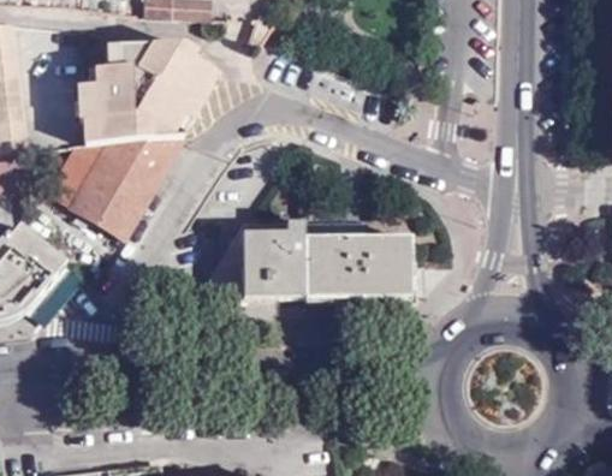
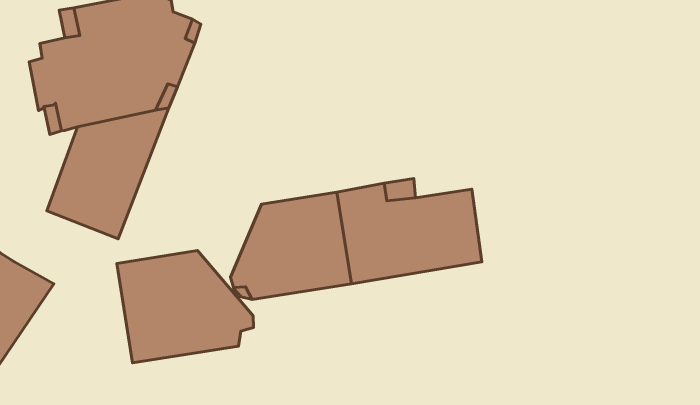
building: none -> [117,251,253,363]

